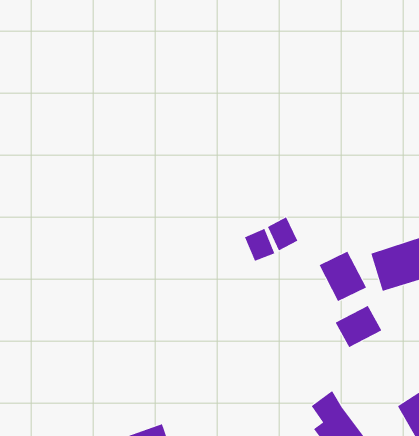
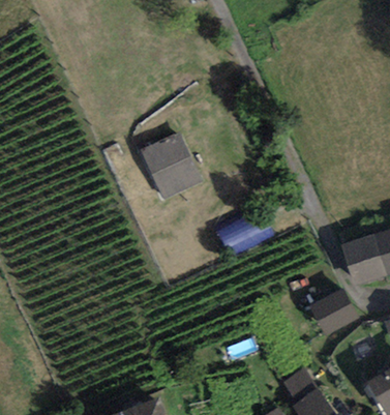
building: none -> [143,139,196,197]
building: [319,251,367,302] -> none

